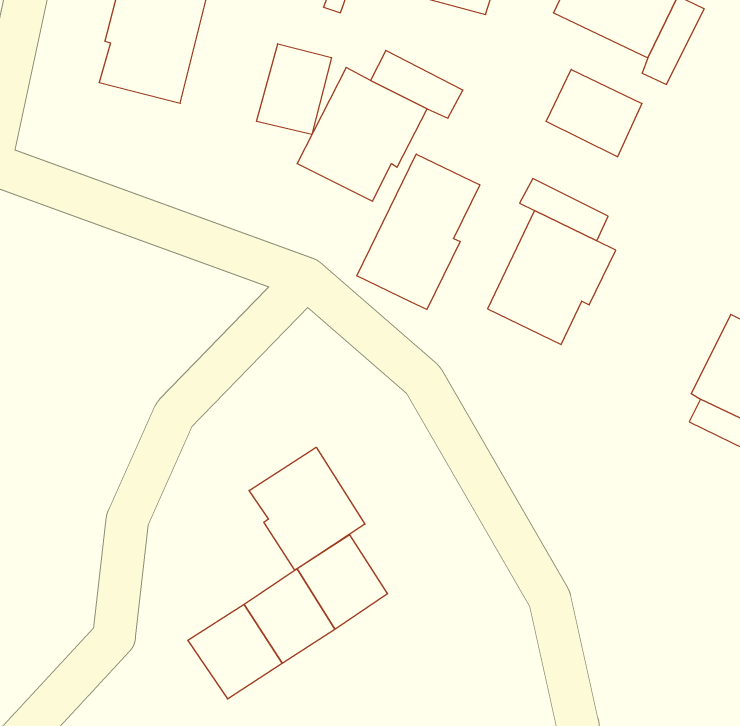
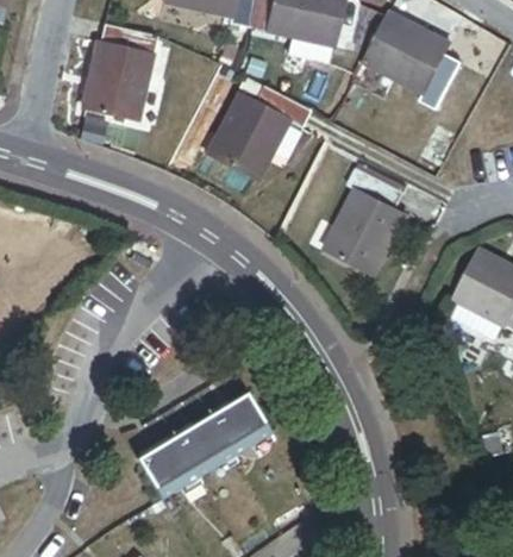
building: [257,44,332,134] -> none
building: [546,69,642,157] -> none
building: [357,154,480,309] -> none
building: [249,447,365,570] -> none

